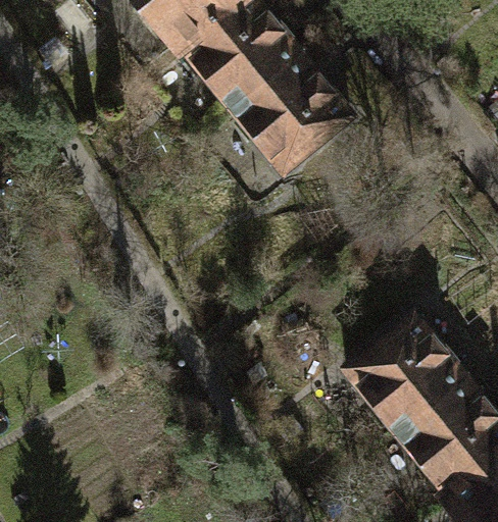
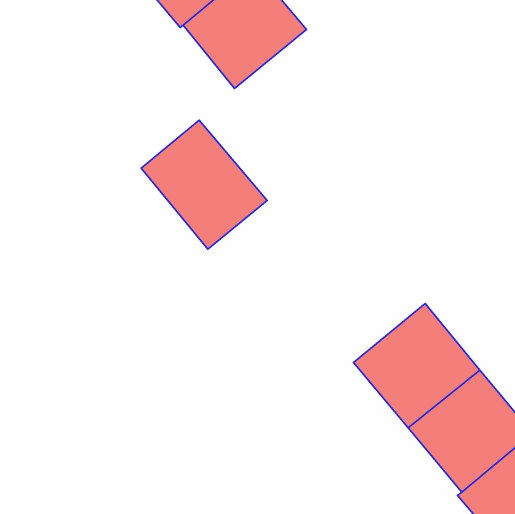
building: [228,51,348,169] -> none
building: none -> [141,120,267,249]

